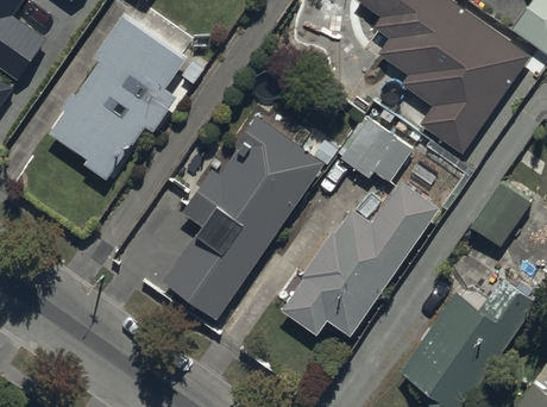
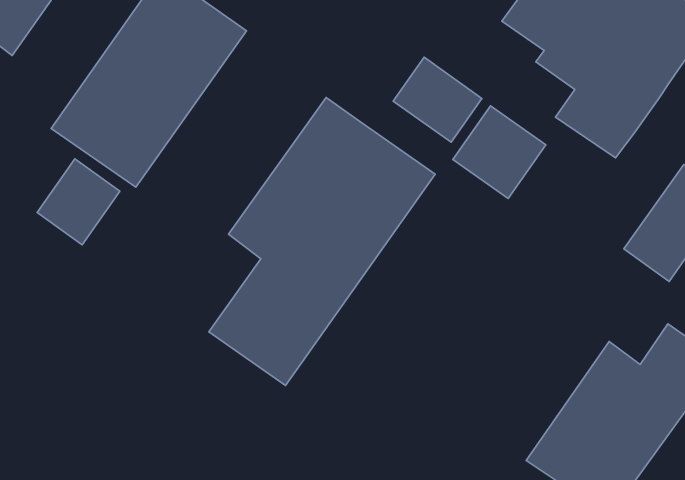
building: none -> [393,57,482,142]
building: none -> [37,159,120,245]
building: [273,181,441,340] -> none

